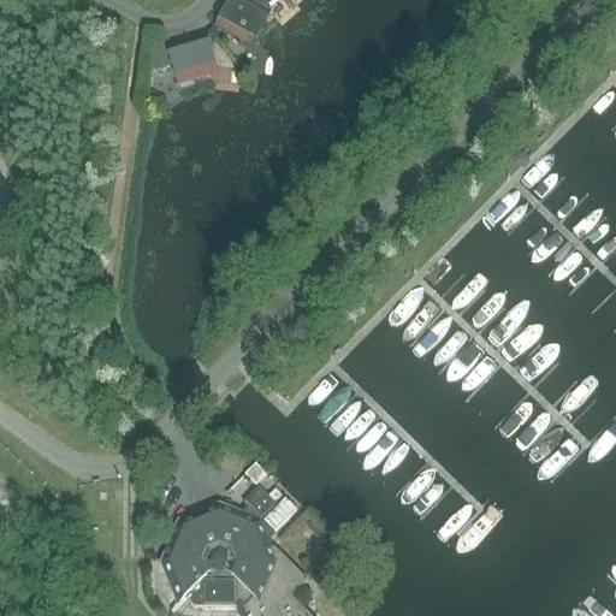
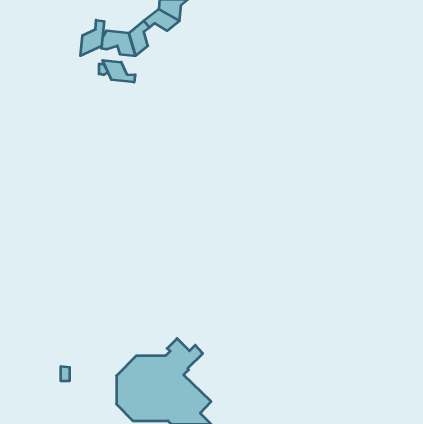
building: none -> [80,20,104,56]
building: none -> [103,60,135,82]

